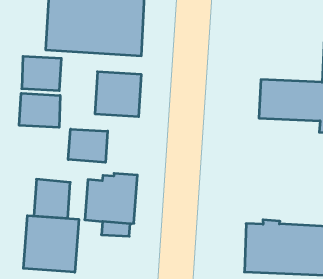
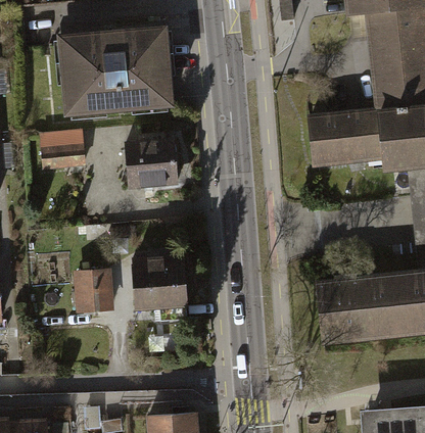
building: [19,93,60,127] -> none
building: [68,129,108,162] -> none
building: [23,216,79,272] -> none

